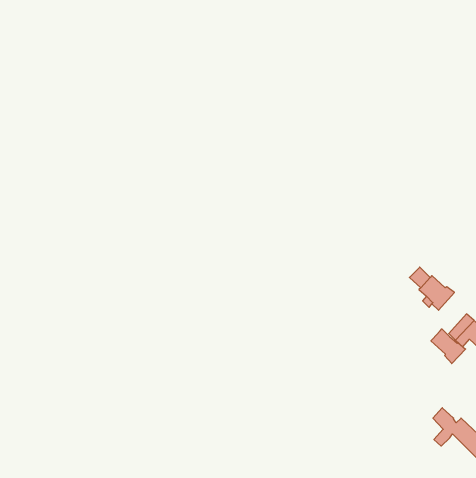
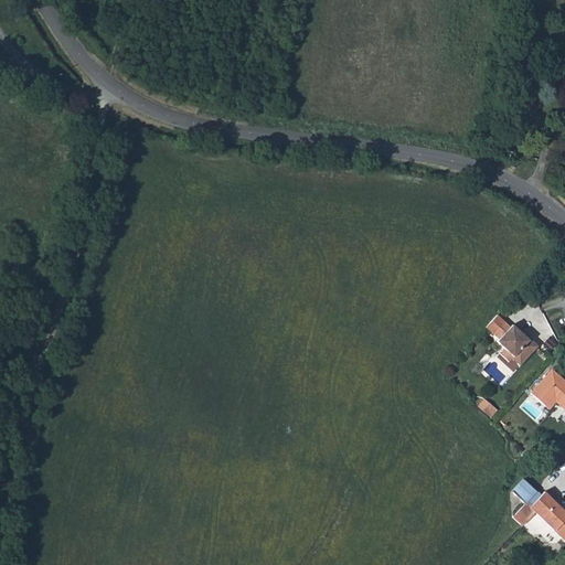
building: [431,329,466,364] -> none

